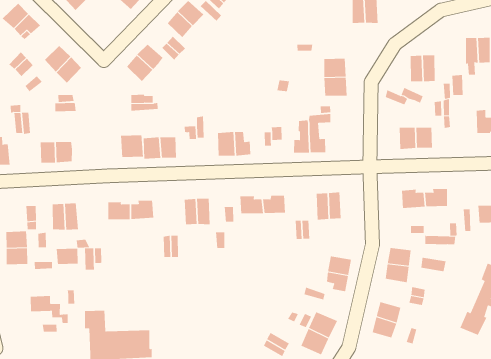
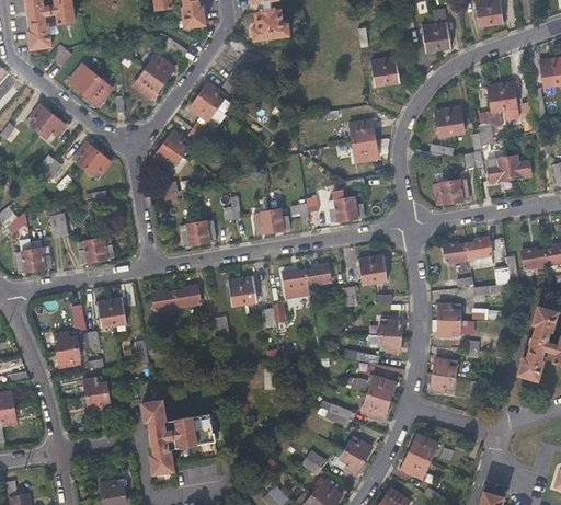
building: none -> [486,157,511,182]
building: [120,135,143,158] -> none
building: [56,239,90,264] -> [83,367,117,395]

